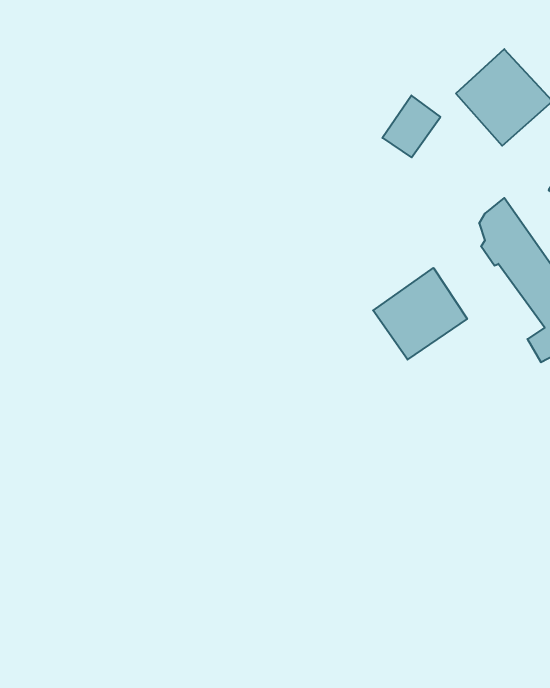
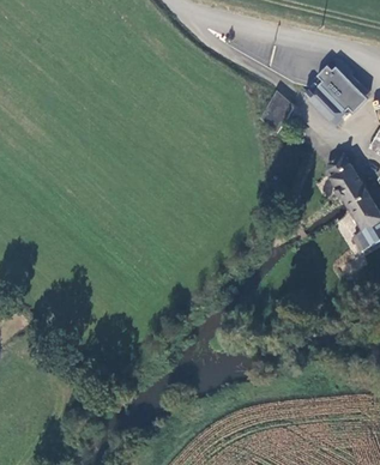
building: [373,268,467,360] -> none

